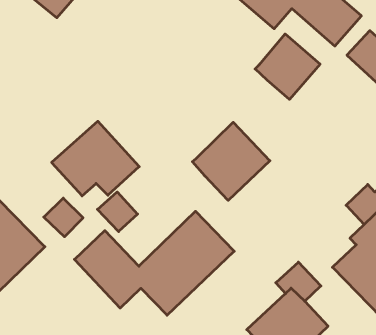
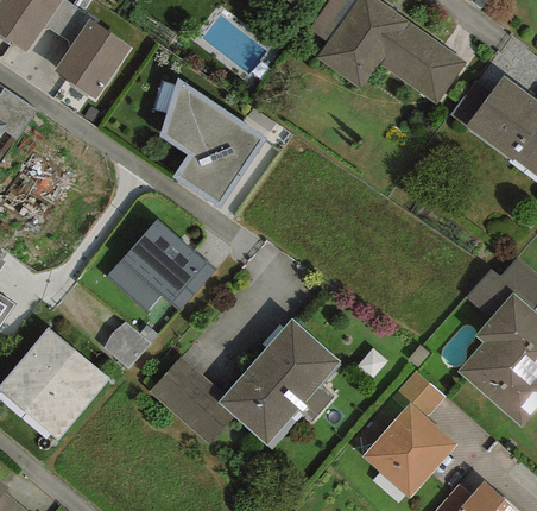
building: none -> [163,81,264,204]
building: [255,34,320,99] -> none
building: [192,122,270,200] -> none
building: [97,192,138,232] -> none

